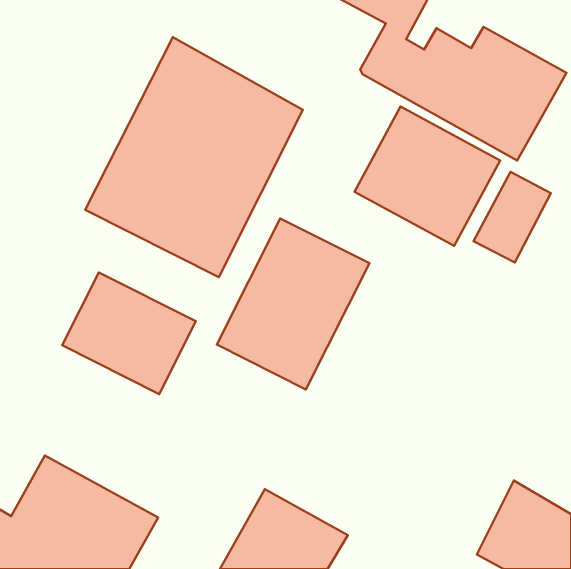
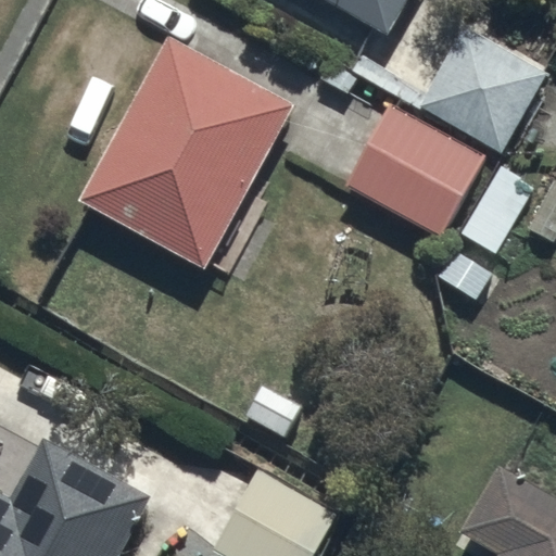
building: [217,218,370,389] -> none
building: [62,272,196,394] -> none

